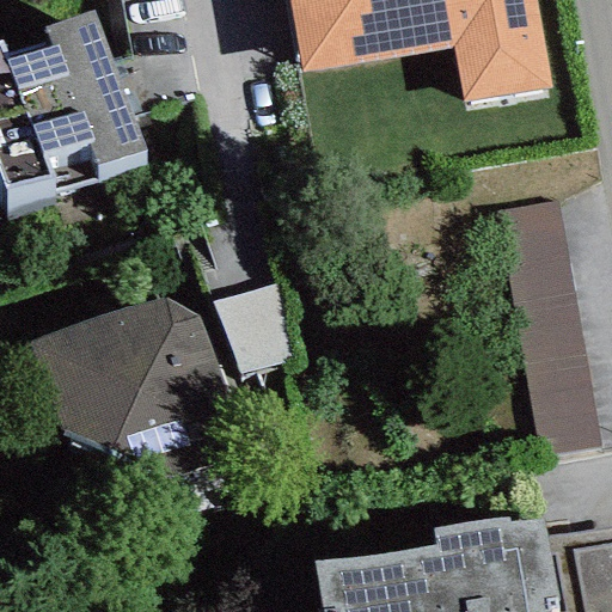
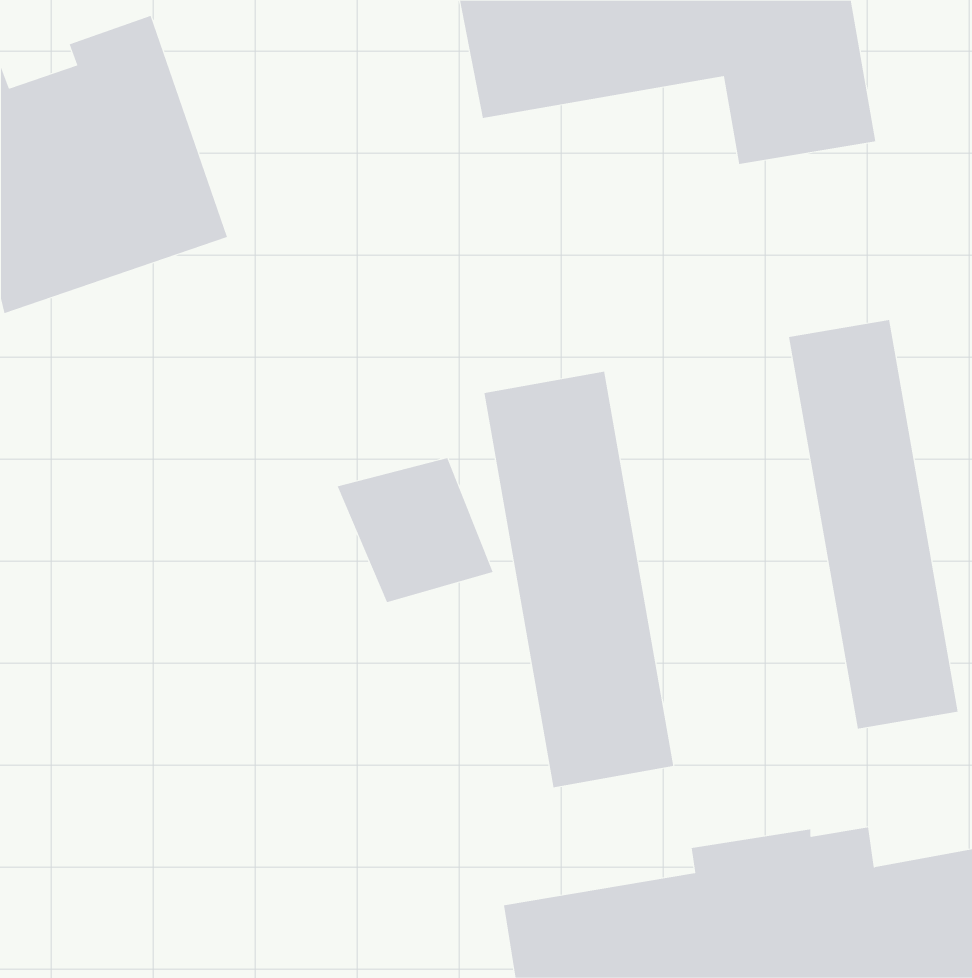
building: none -> [484,371,674,788]
building: [17,298,245,482] -> none

